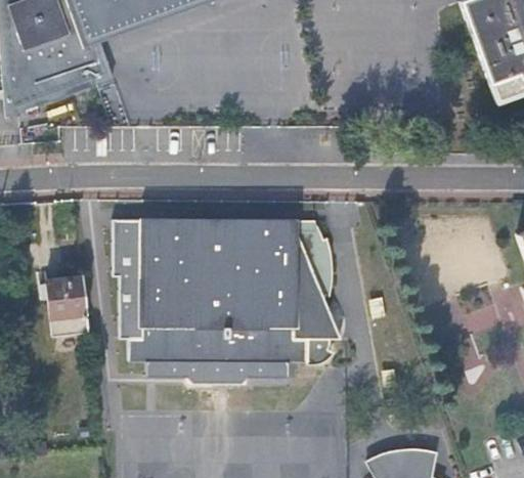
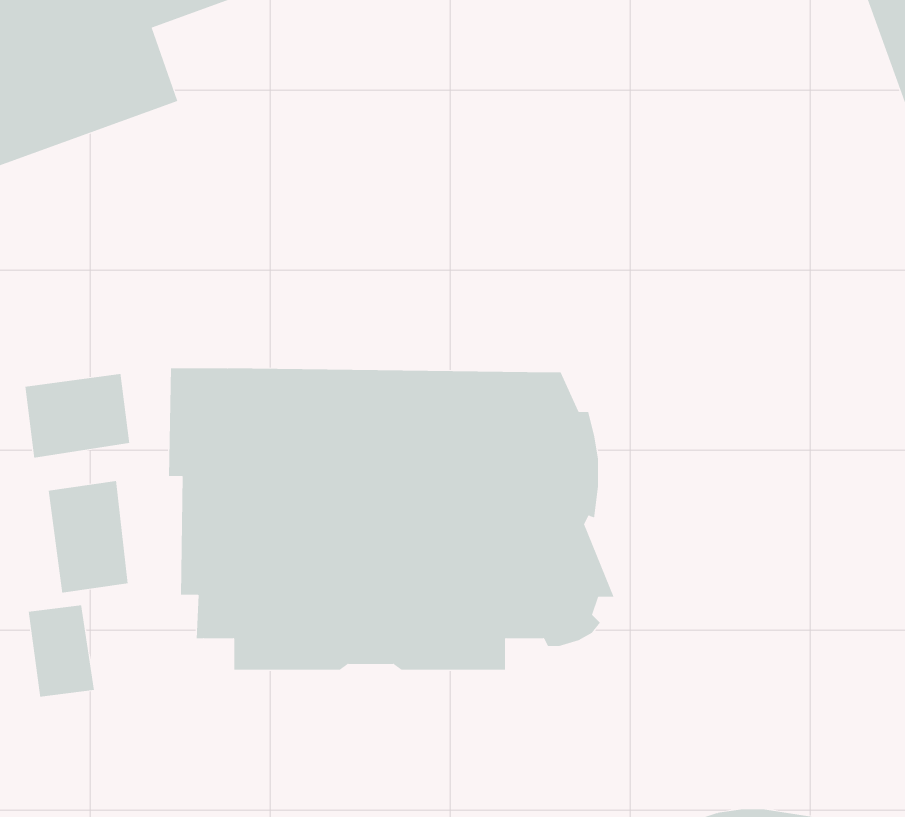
building: none -> [25,373,130,459]
building: none -> [28,605,95,698]

